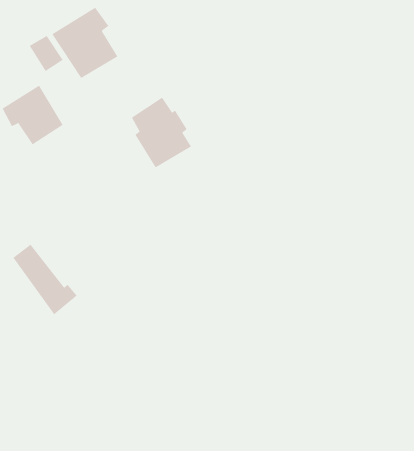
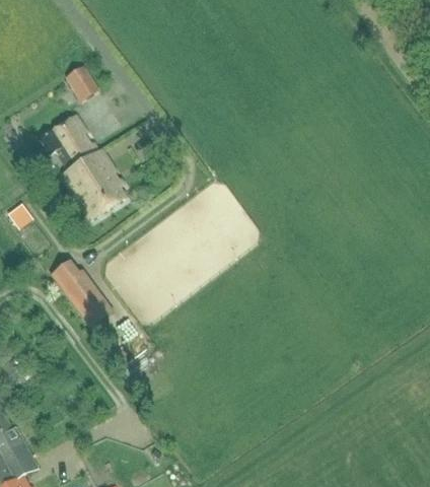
building: [52,7,118,79] -> none
building: [131,97,192,168] -> [69,150,126,217]

